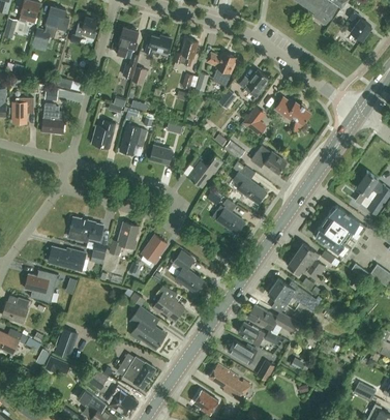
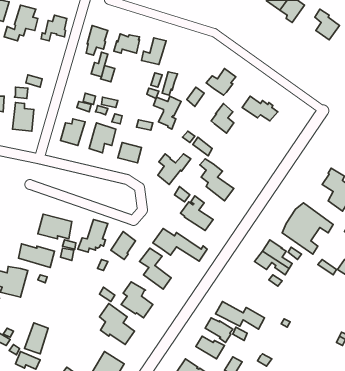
building: [207,53,235,86] -> [153,96,181,129]
building: [250,145,287,174] -> none
building: [267,278,322,311] -> [153,229,207,261]

